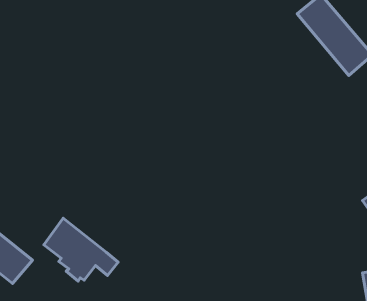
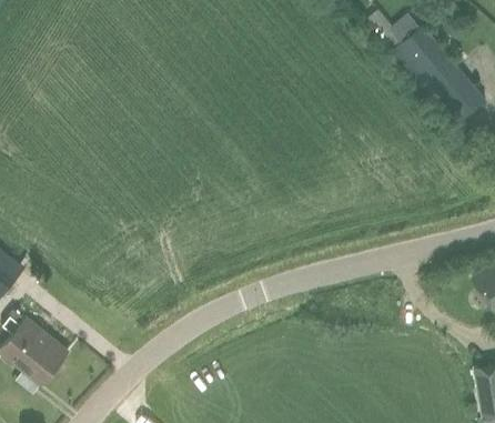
building: [44,218,118,281] -> none

